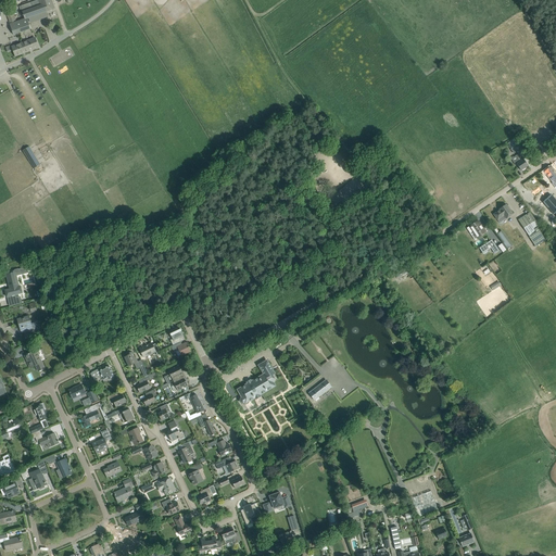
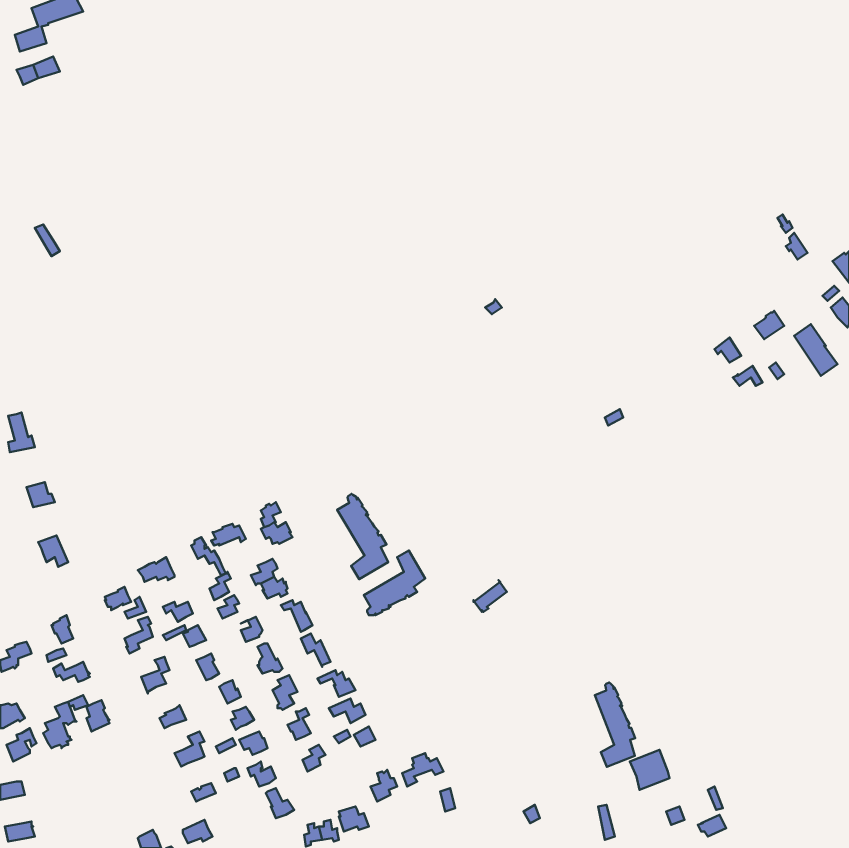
building: none -> [337,494,388,579]
building: none -> [595,682,635,767]

